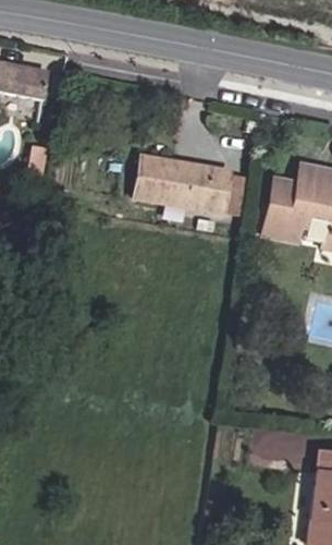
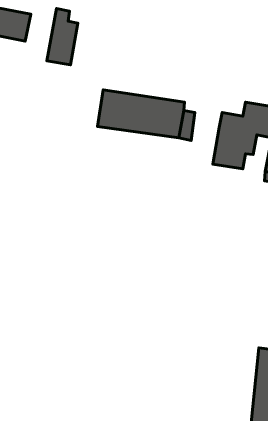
building: none -> [47,9,78,65]

